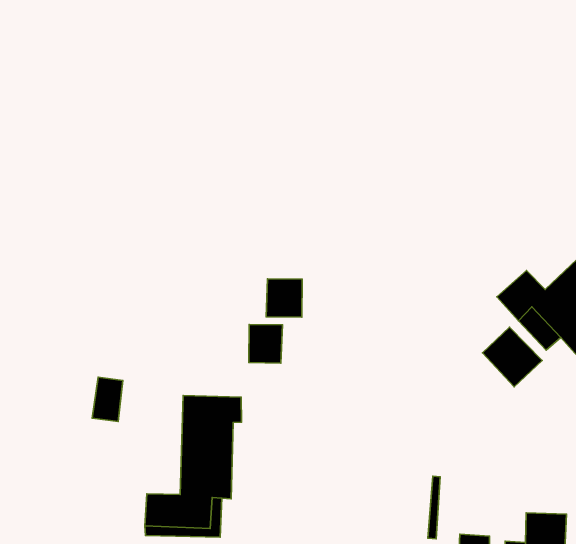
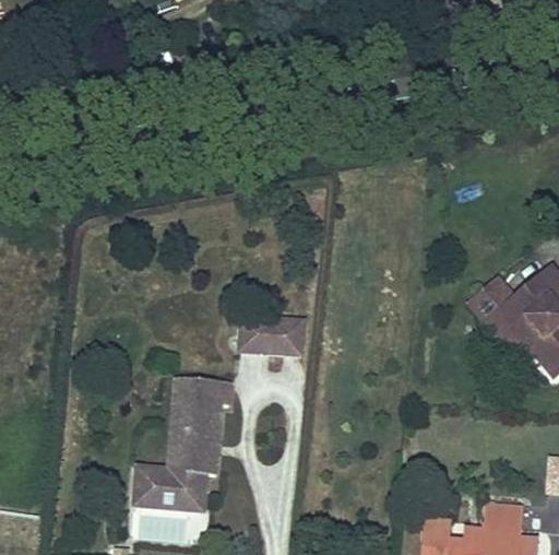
building: [266,279,302,317] -> [269,319,304,356]
building: [483,327,542,387] -> none
building: [92,377,123,422] -> none

